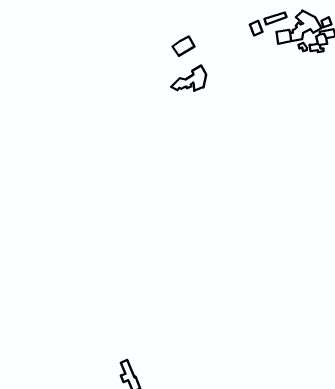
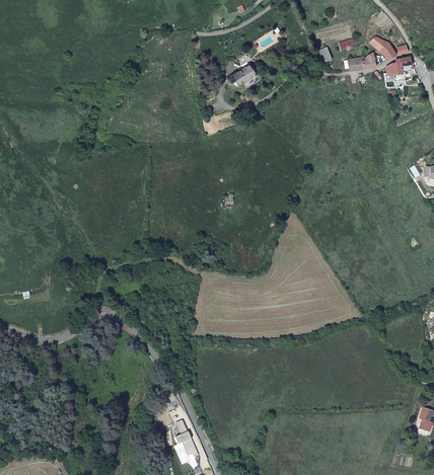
building: [171,66,206,91] -> none

